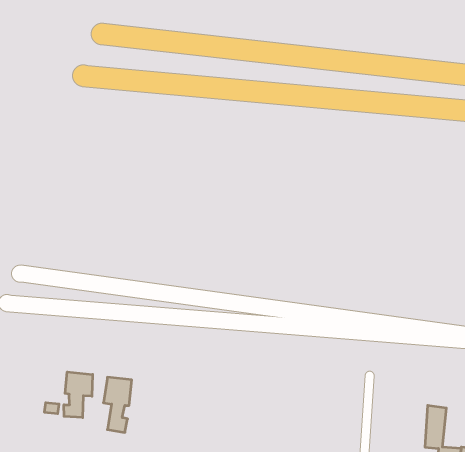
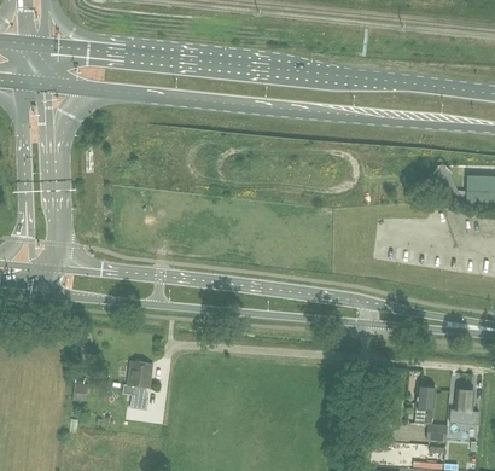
building: [64,372,93,418] -> none

